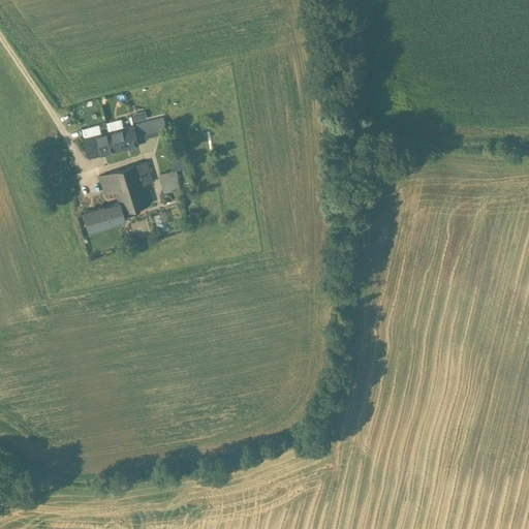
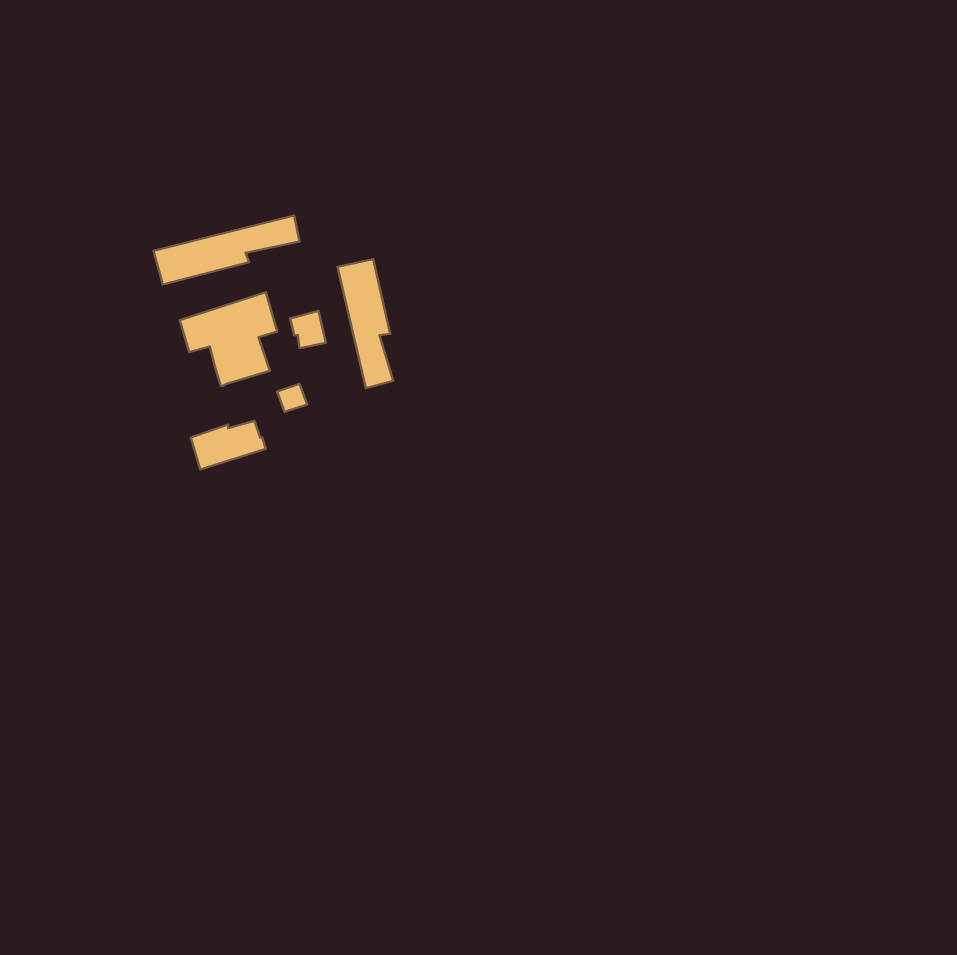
building: none -> [337,259,393,388]
building: [84,205,125,231] -> [191,421,266,469]

